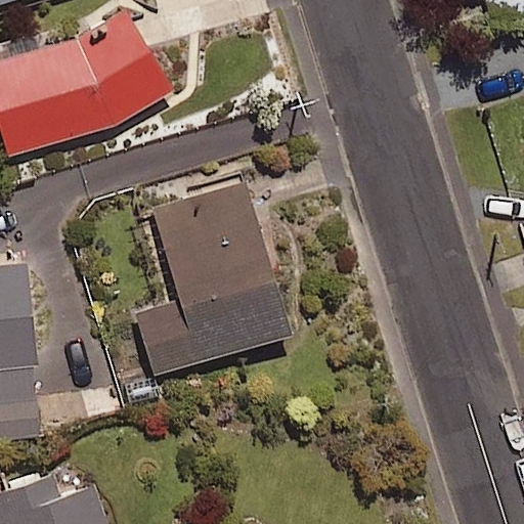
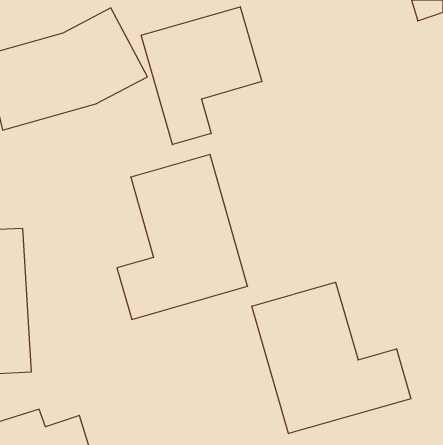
building: none -> [141,7,262,145]
building: none -> [252,282,411,434]

